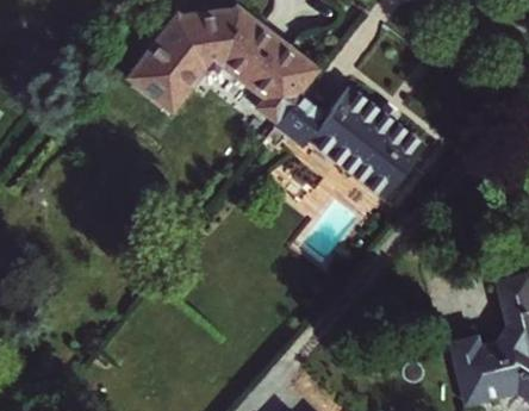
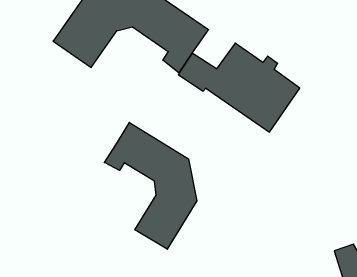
building: none -> [104,122,197,249]

